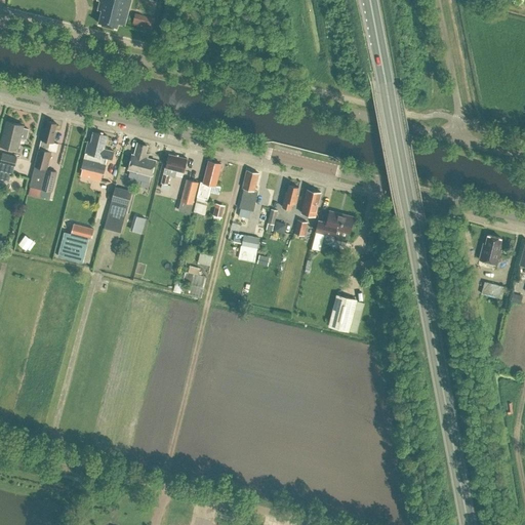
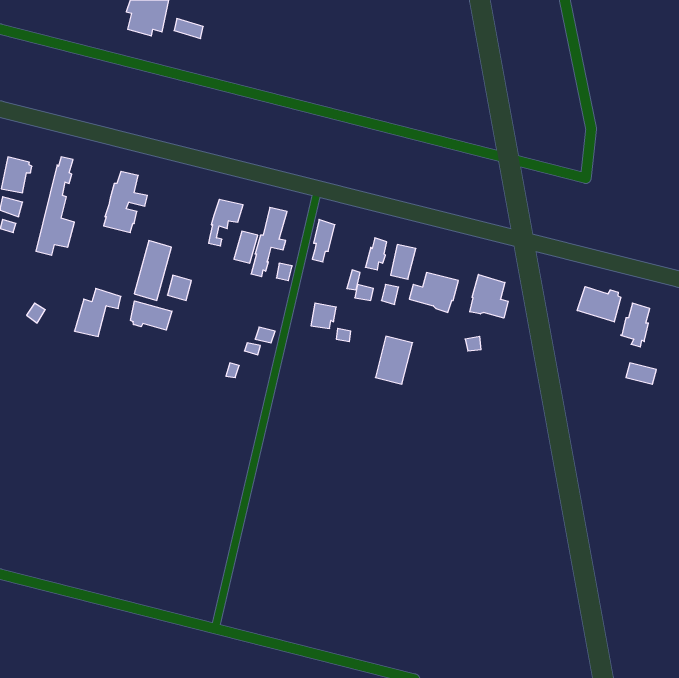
building: [128,144,155,183] -> none
building: none -> [470,274,508,318]
building: none -> [577,287,621,322]
building: none -> [130,301,172,330]
building: [328,294,357,331] -> [375,336,413,384]

